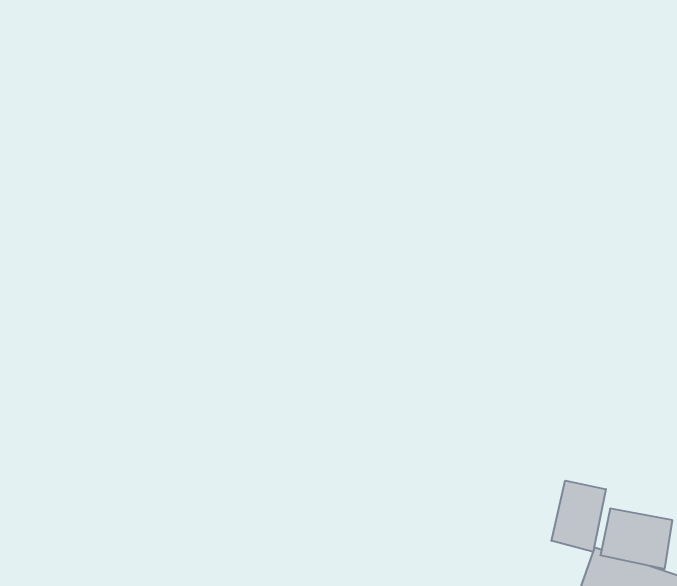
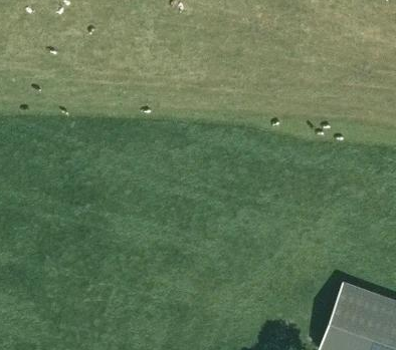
building: [551,481,606,552] -> none

